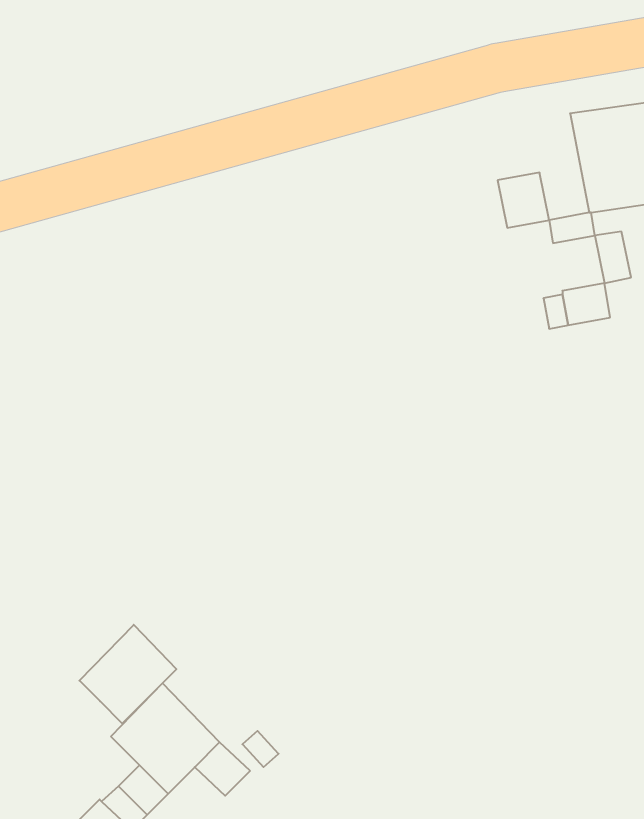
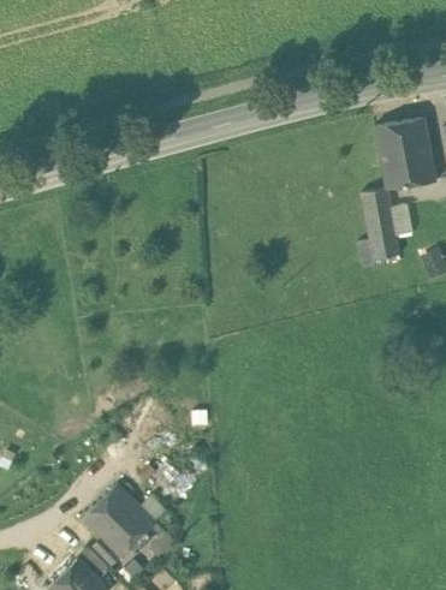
building: [498,173,549,228] -> [363,203,396,238]
building: [79,625,176,723] -> none

